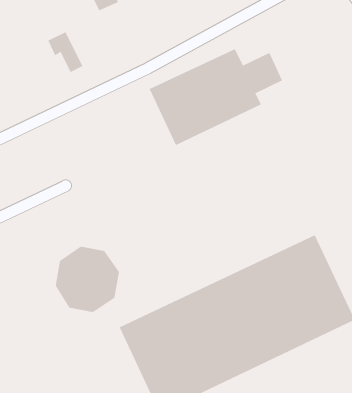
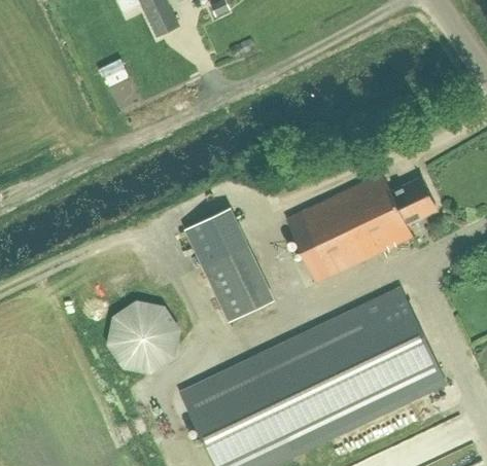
building: [149,48,283,146] -> [285,173,436,282]
building: none -> [184,206,275,321]

